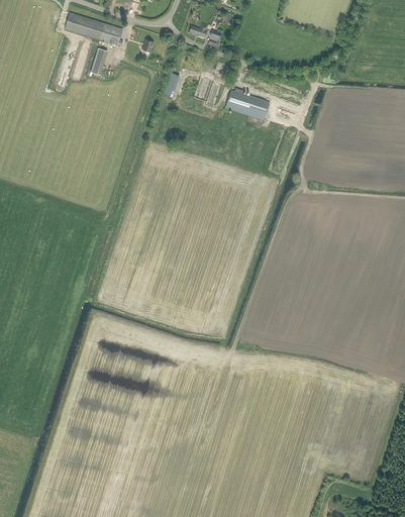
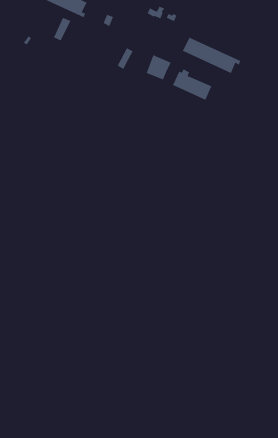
building: none -> [182,37,241,74]

